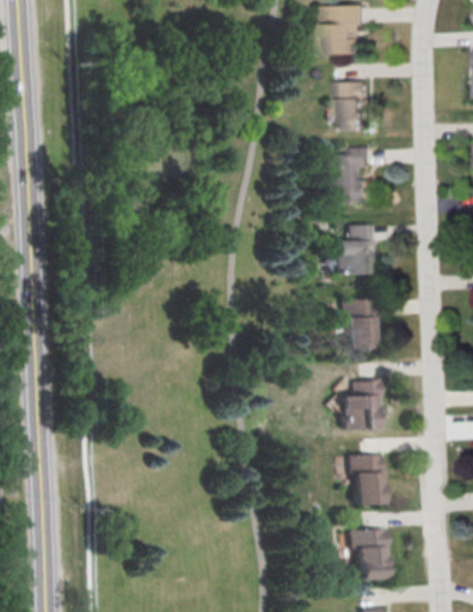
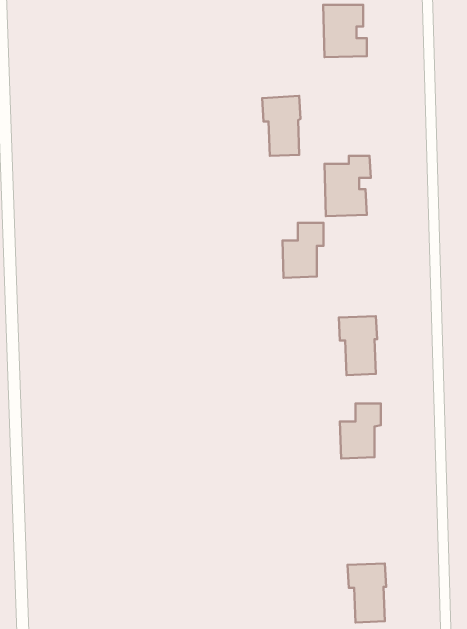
building: [330,79,366,135] -> [262,96,301,156]
building: [332,225,370,276] -> [282,223,323,278]
building: [344,451,380,506] -> none

